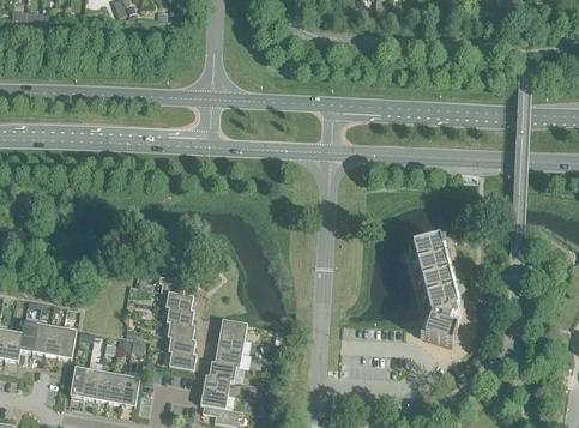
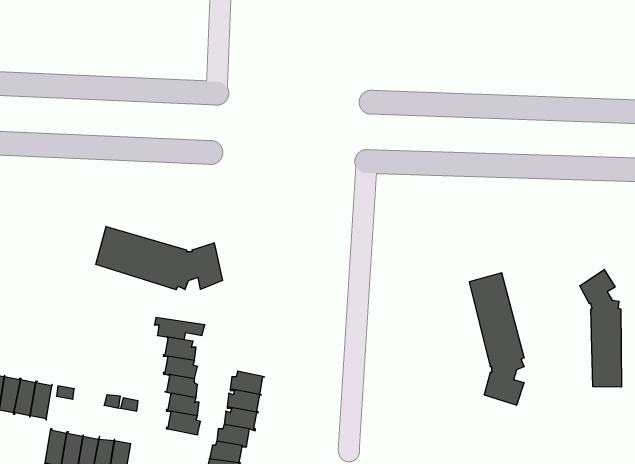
building: none -> [96,226,222,290]
building: none -> [580,269,622,387]

